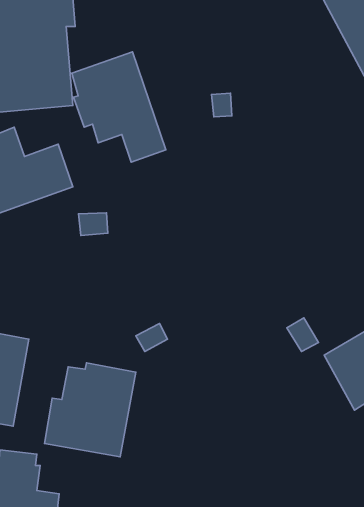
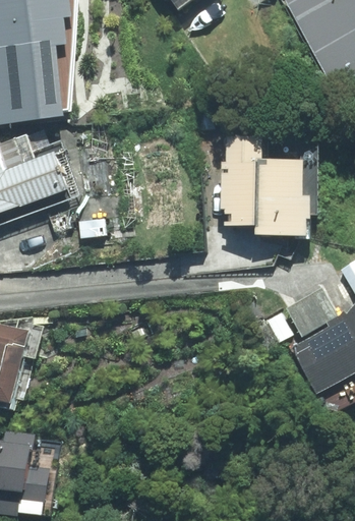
building: [72,52,166,162] -> none
building: none -> [222,135,318,234]
building: [44,363,136,457] -> none

